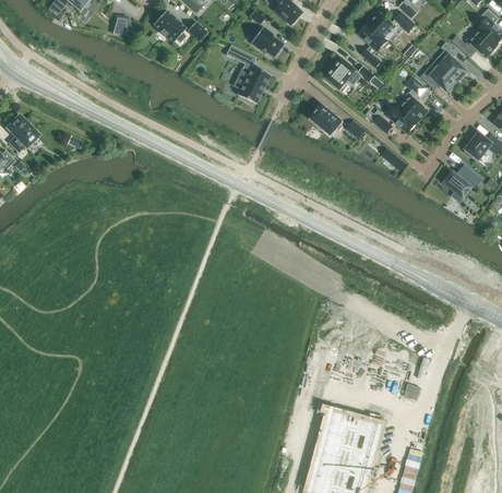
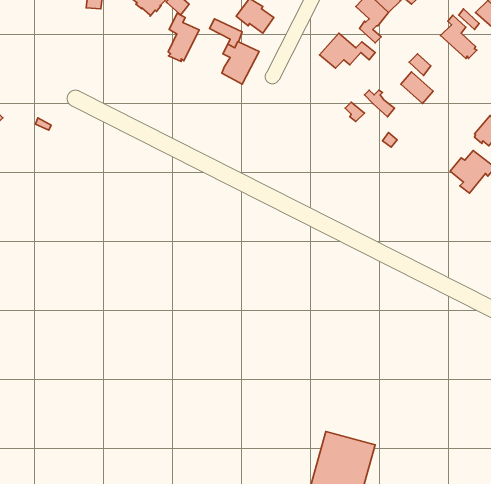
building: none -> [168,13,199,62]
building: [420,60,457,92] -> none
building: [310,104,343,135] -> none
building: [387,104,418,133] -> none

